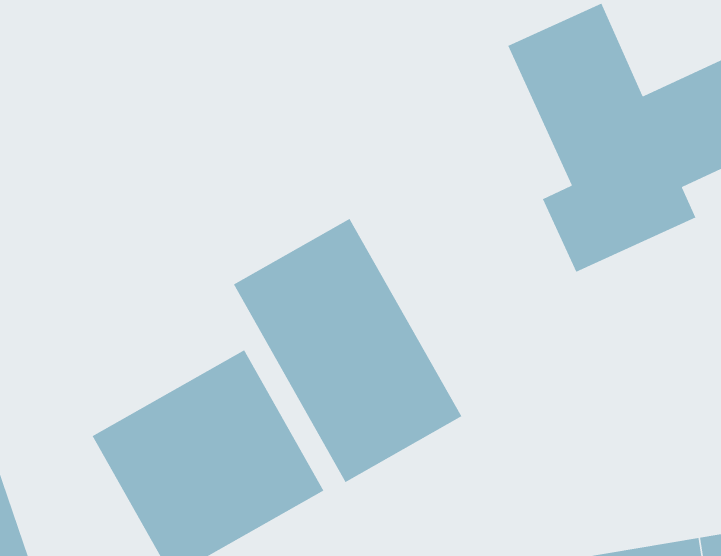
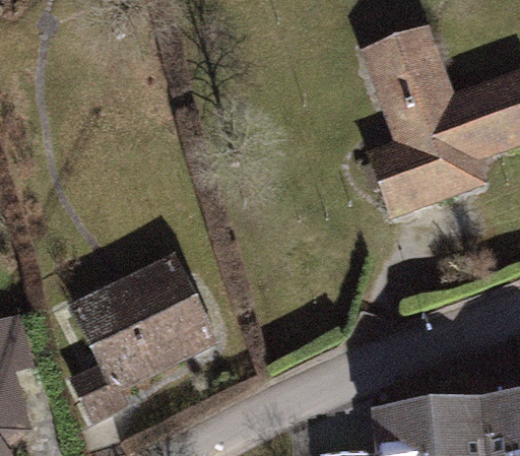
building: [233,218,462,483] -> none

